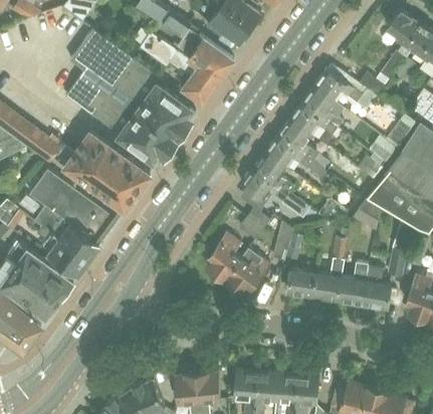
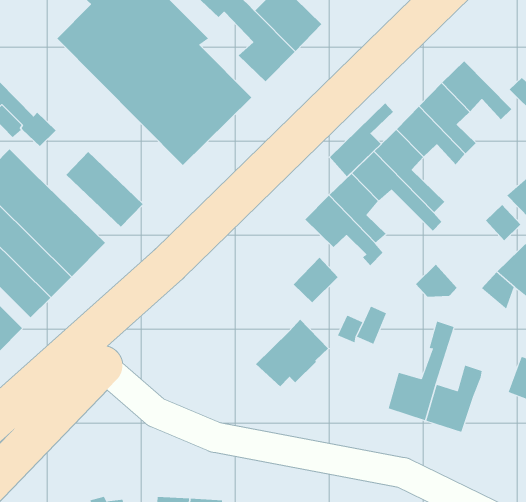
building: none -> [329,103,394,177]
building: [65,131,151,191] -> none
building: [207,233,242,281] -> none
building: [362,267,391,308] -> none
building: [287,268,315,296] -> none

